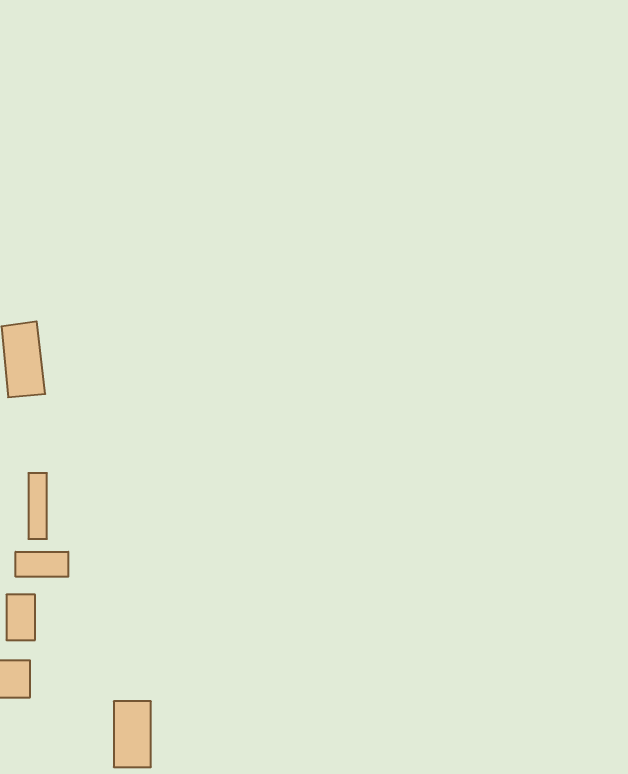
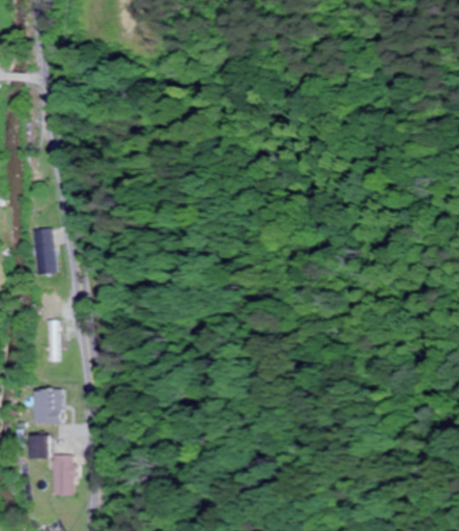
building: [16,552,68,577] -> none
building: [114,701,151,767] -> [53,454,76,495]

